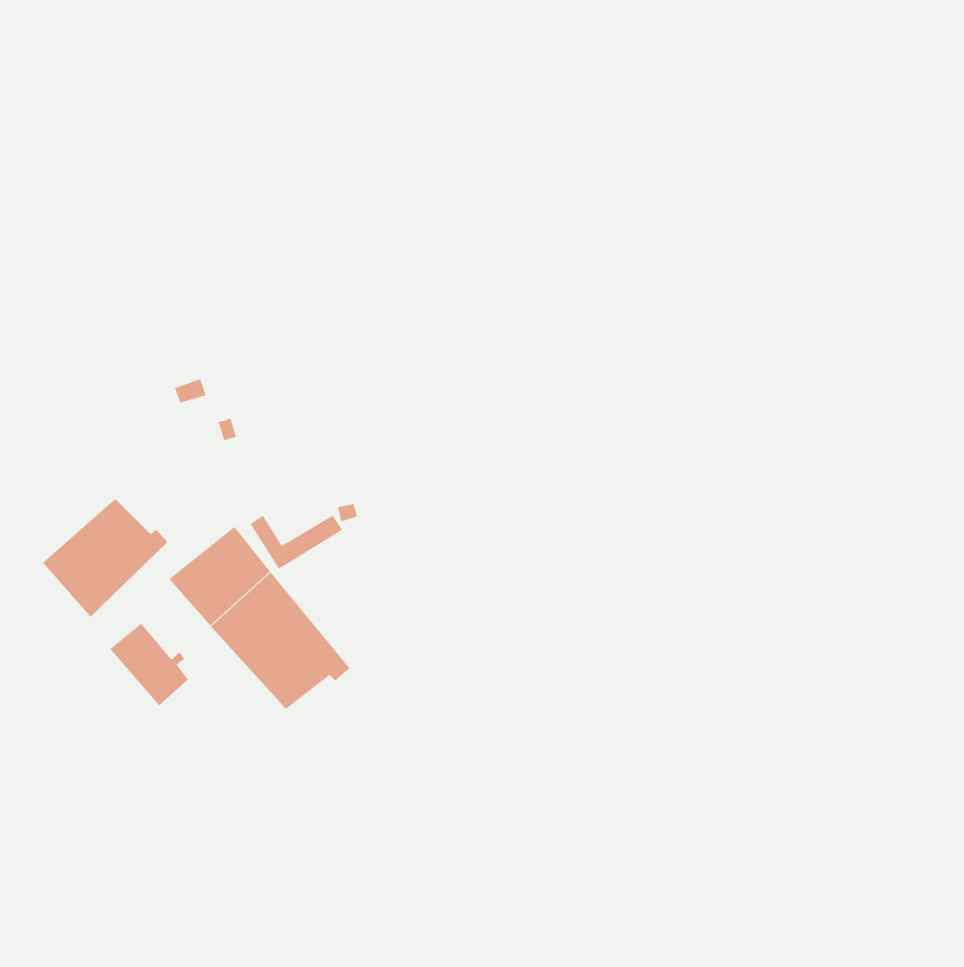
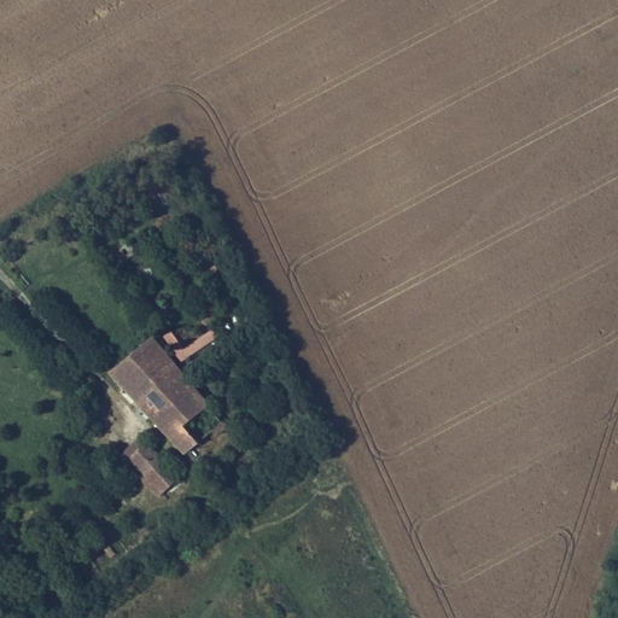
building: [42,498,168,617] -> none
building: [109,623,189,706] -> [123,443,174,496]

